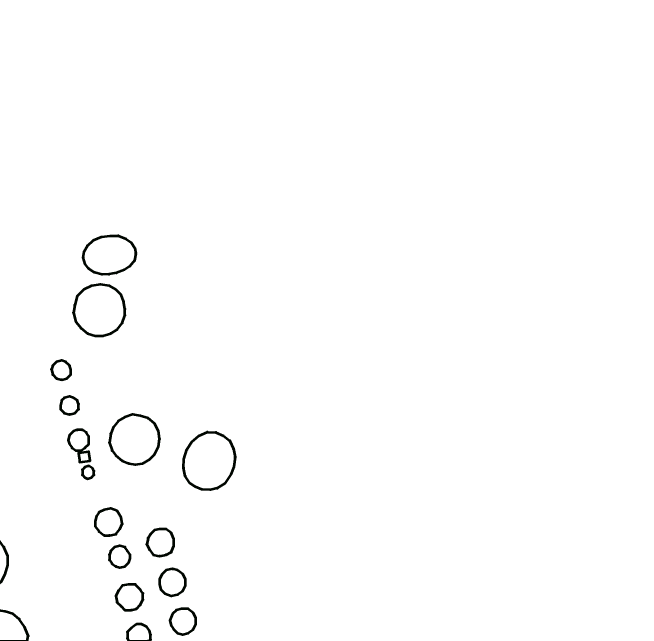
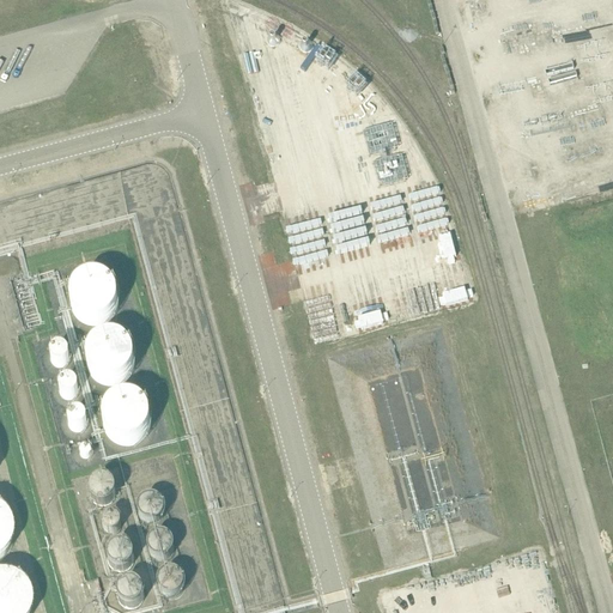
building: [83,236,136,274] -> none
building: none -> [85,326,133,372]
building: [184,432,235,490] -> none

